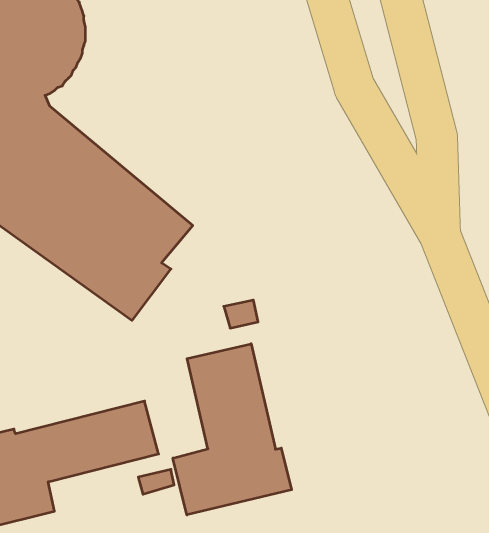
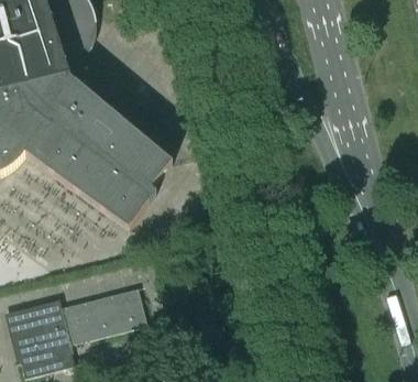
building: [173,344,292,515] -> none

